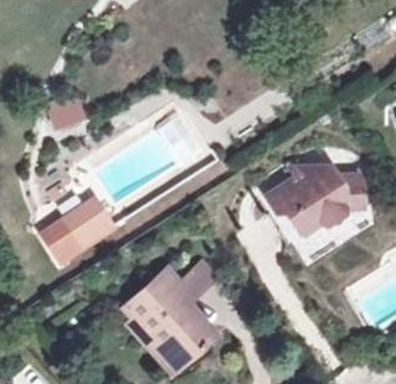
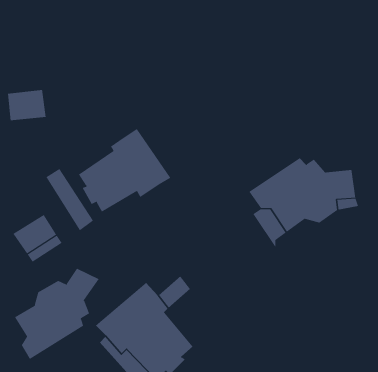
building: none -> [78,128,171,213]
building: none -> [14,268,99,360]

